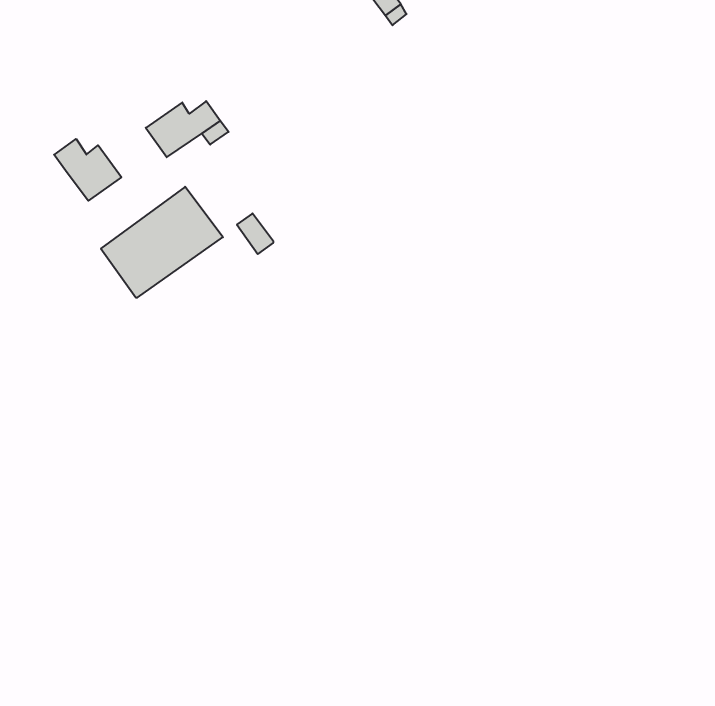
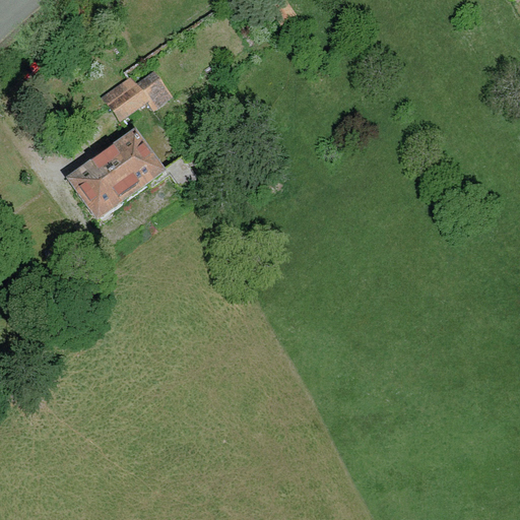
building: [54,139,121,201] -> none

